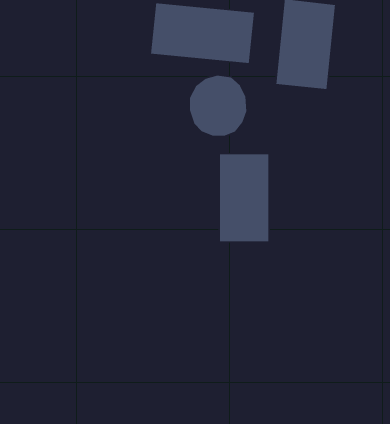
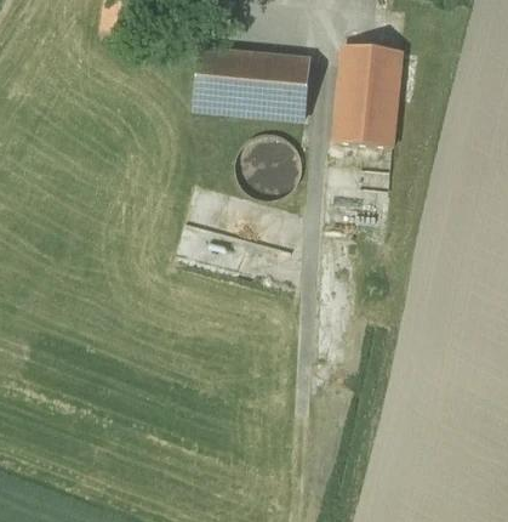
building: [219,154,269,242] -> none

